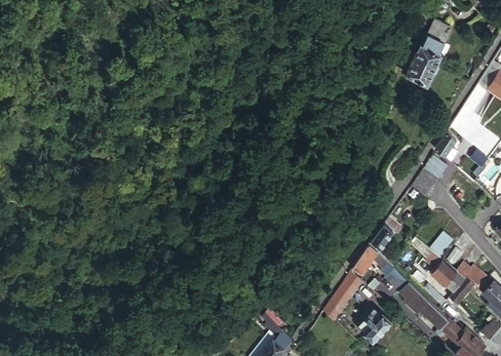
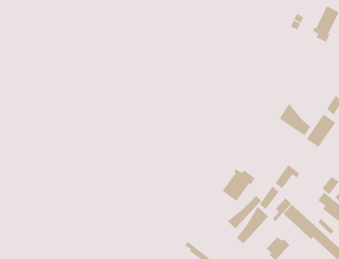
building: [406,51,435,86] -> none
building: none -> [279,103,311,136]
building: none -> [222,168,256,202]
building: none -> [227,195,262,229]

